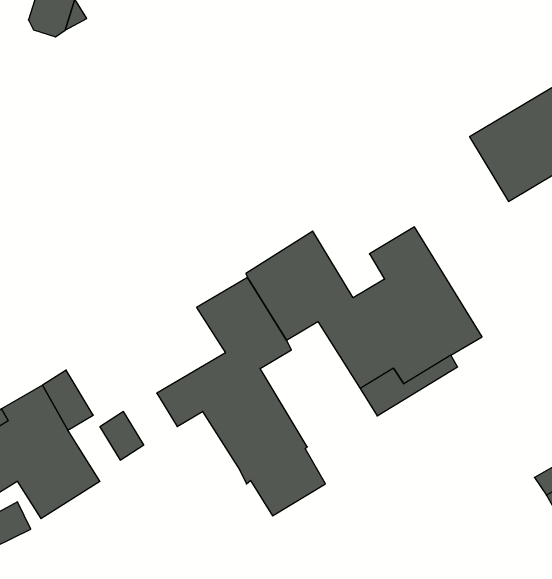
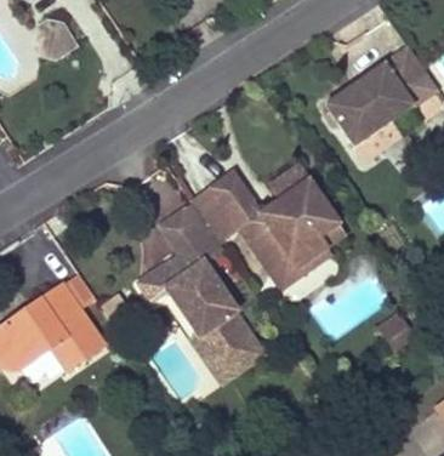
building: none -> [188,329,263,382]

